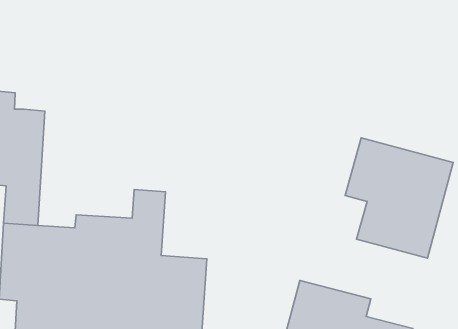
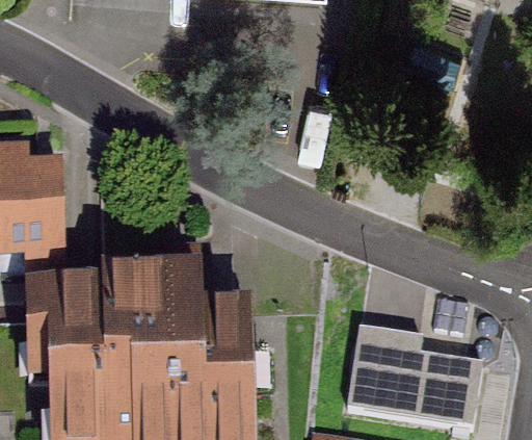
building: [345,138,453,258] -> none

